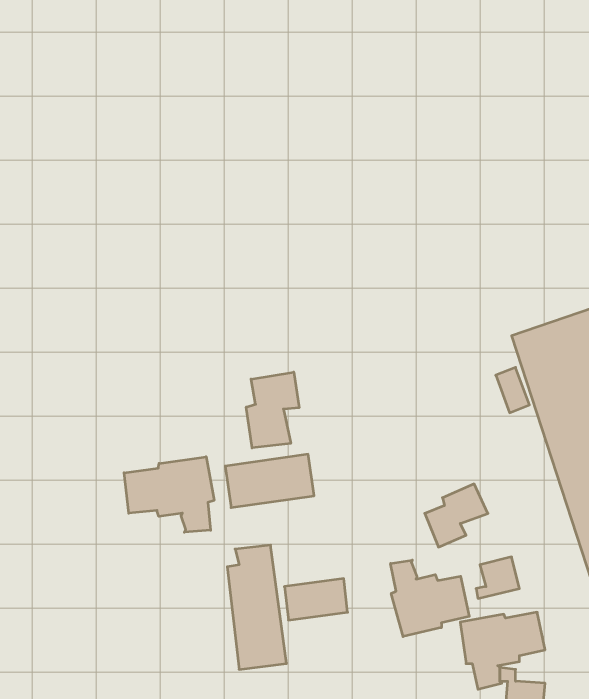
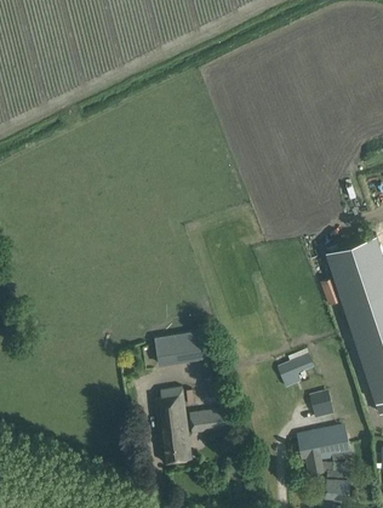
building: [246,372,299,448] -> none
building: [124,457,214,532] -> none
building: [391,560,469,637] -> none

